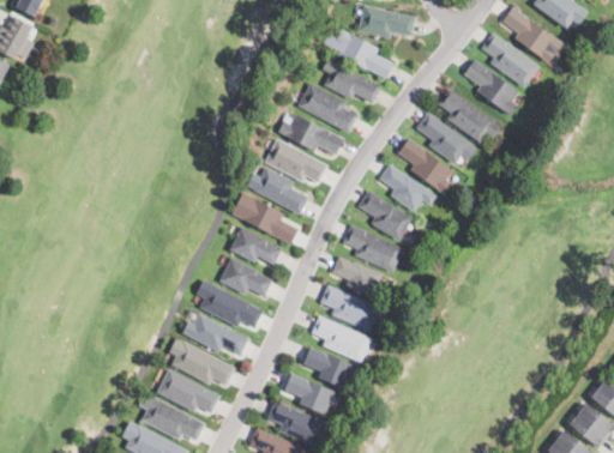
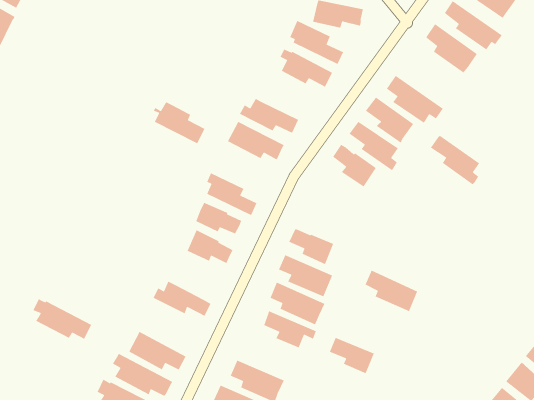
building: [463,60,518,115] -> [430,135,480,185]
building: [297,83,356,129] -> none
building: [251,168,308,215] -> [153,101,205,144]
building: [357,189,411,241] -> none
building: [343,225,402,272] -> [365,269,418,312]
building: [199,284,263,328] -> none
building: [168,339,234,385] -> [32,298,92,340]
building: [283,374,333,415] -> [329,337,375,374]

